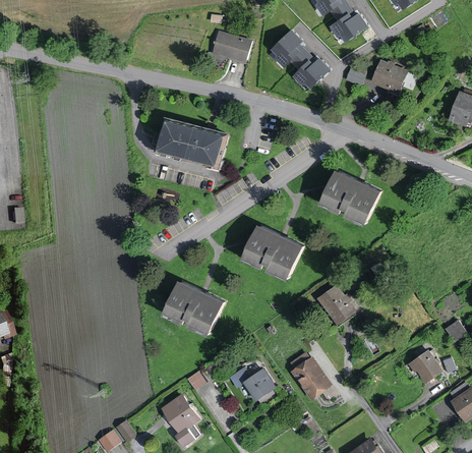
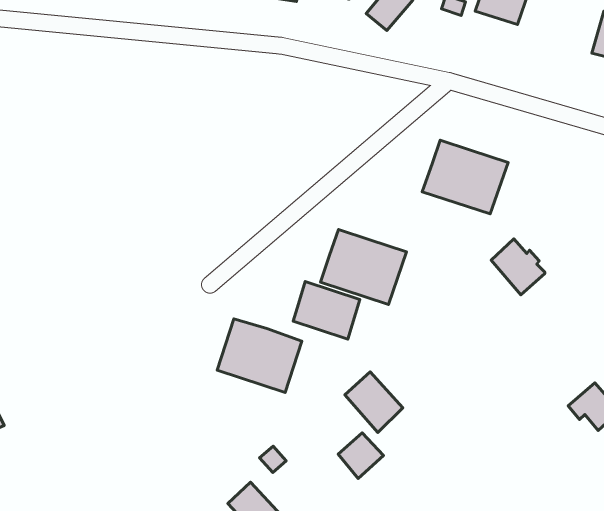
building: [158,119,224,166] -> none
building: none -> [293,282,360,339]
building: [318,285,355,325] -> [491,239,545,295]
building: [291,357,331,400] -> [345,372,403,432]

